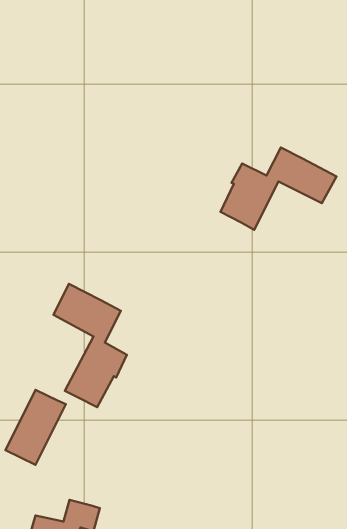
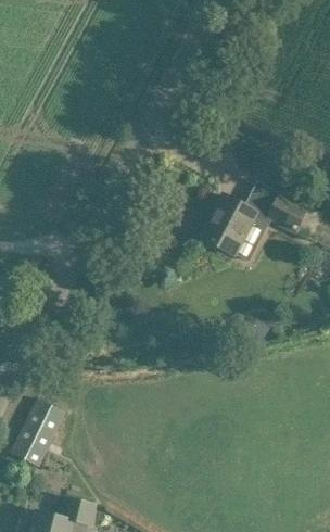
building: [54,284,127,407] -> none

